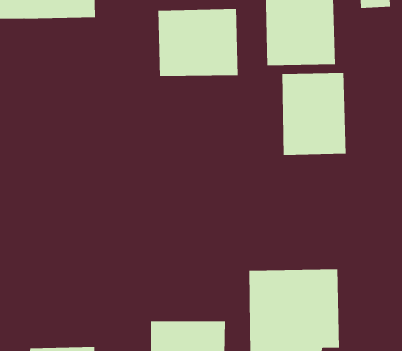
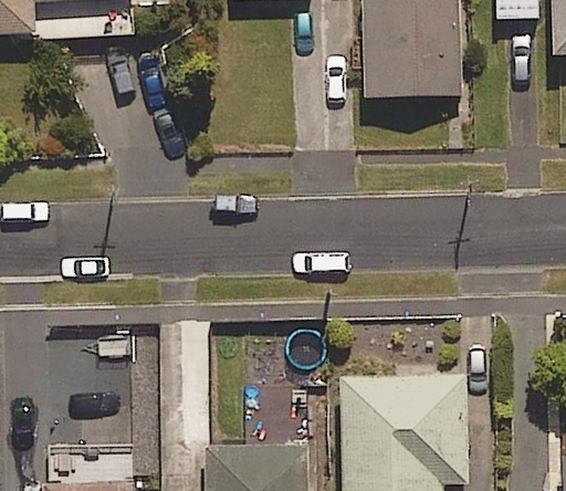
building: [158,8,238,77] -> none
building: [282,72,346,156] -> none

